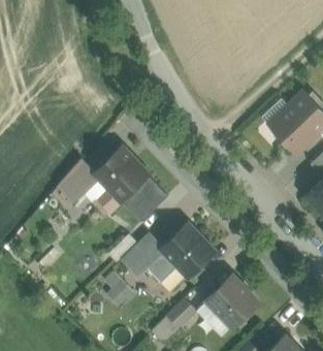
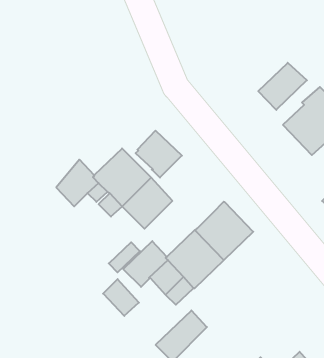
building: none -> [258,63,307,110]
building: none -> [136,131,182,178]
building: none -> [195,202,253,260]
building: [206,276,258,327] -> none

